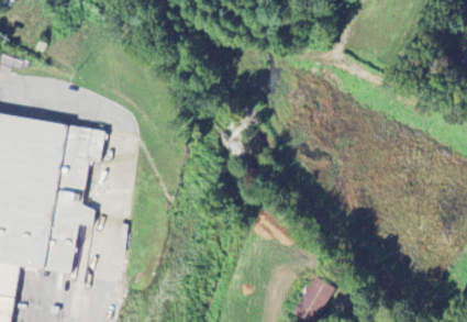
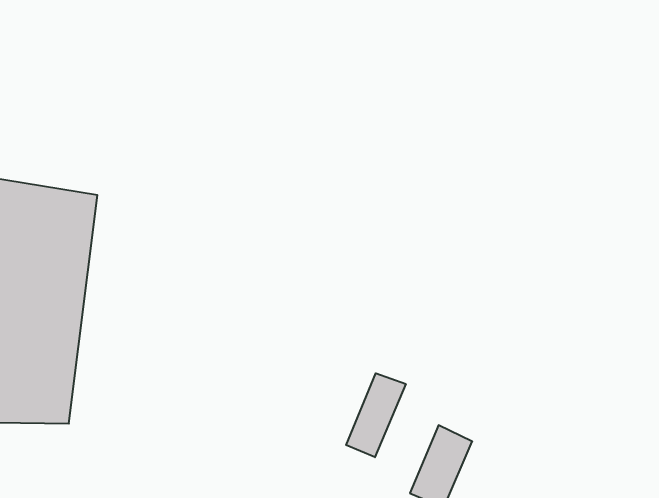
building: none -> [346,373,406,457]

